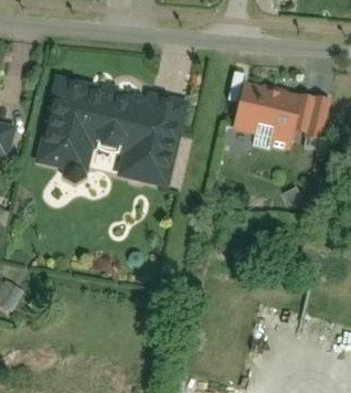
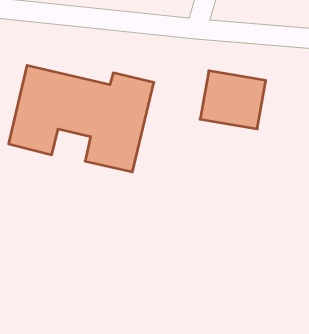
building: [298,97,336,141] -> none

